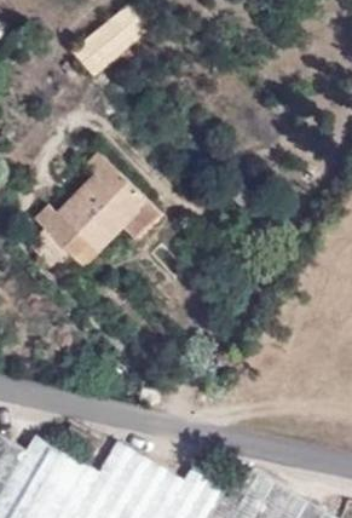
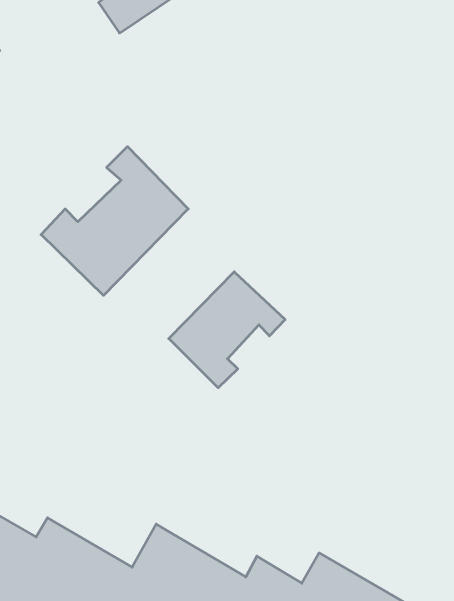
building: none -> [169,272,285,388]

